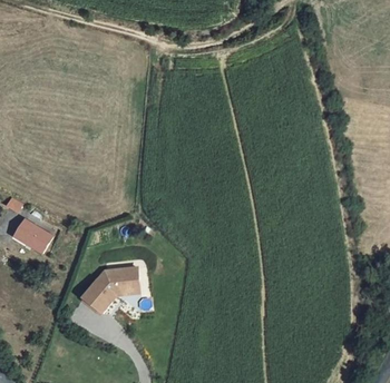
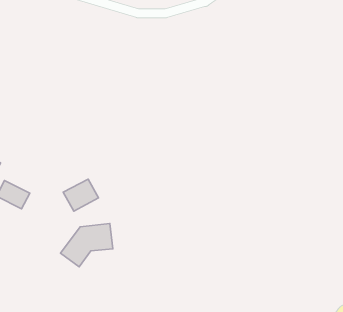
building: none -> [63,179,99,211]

